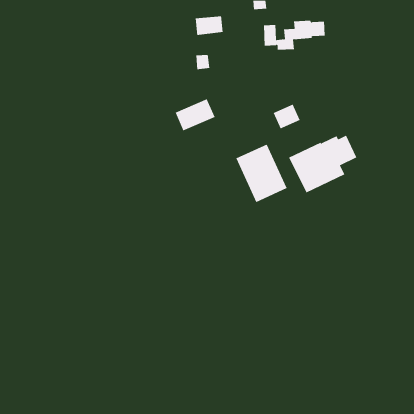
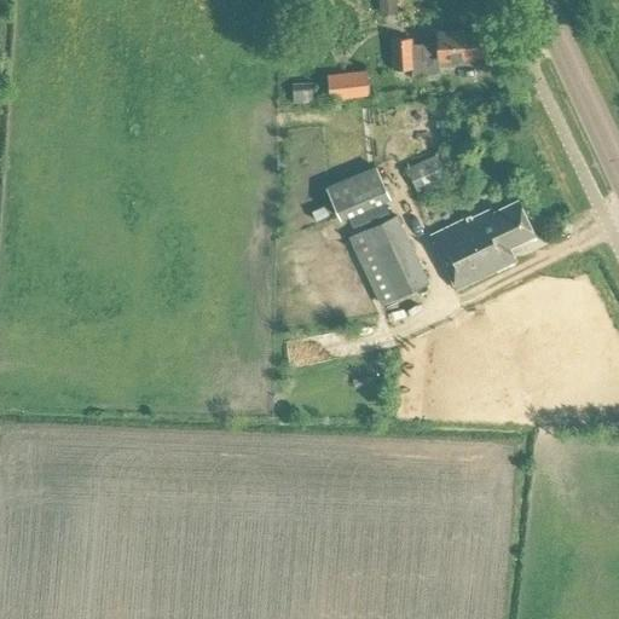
building: [195,16,223,35] -> [328,73,370,102]
building: [175,99,215,131] -> [330,172,391,220]

